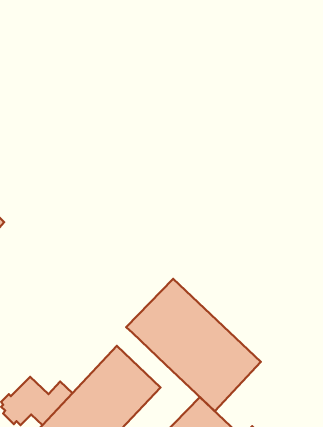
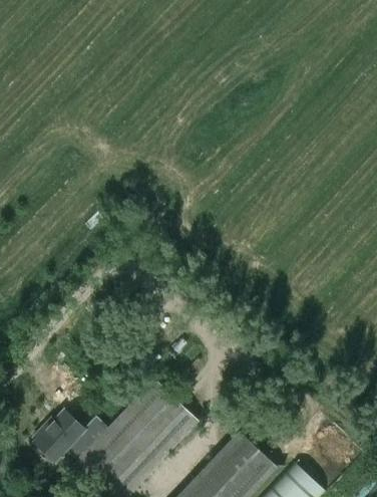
building: [126,279,261,411] -> none

